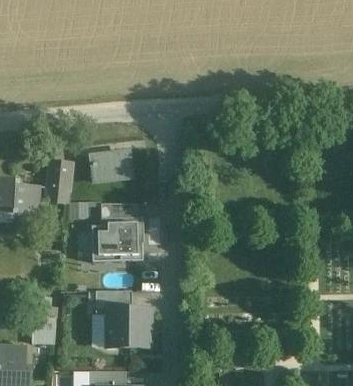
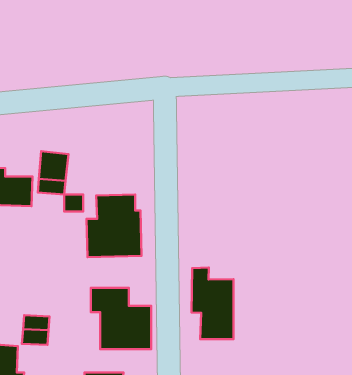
building: [90,152,131,182] -> none
building: none -> [191,267,234,339]

